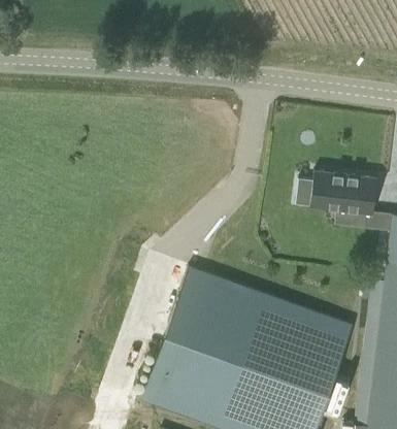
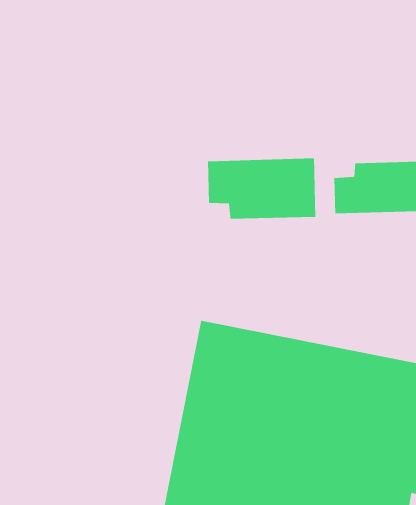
building: none -> [207,158,316,220]

